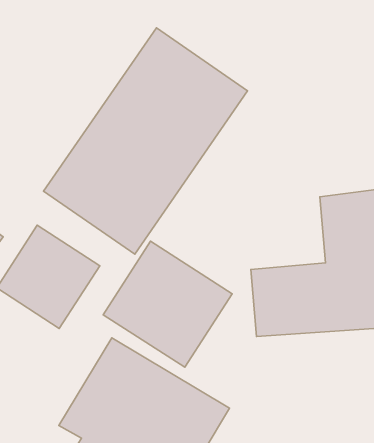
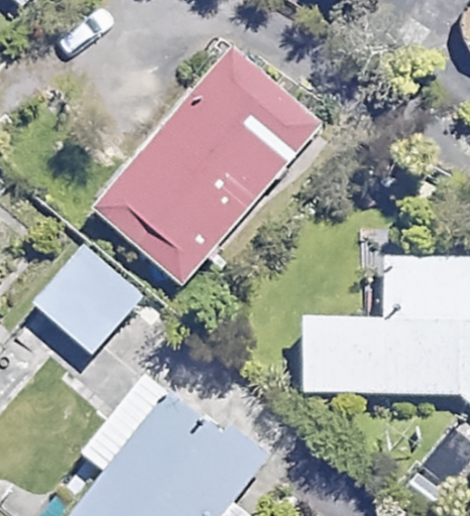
building: [103,241,232,367] -> none

